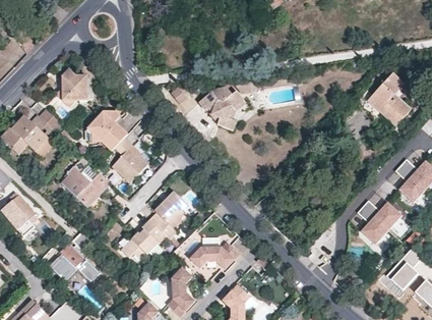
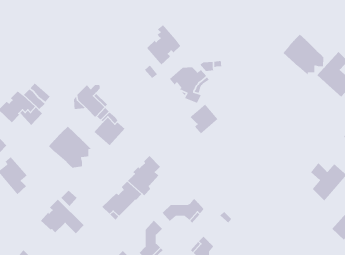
building: none -> [146,24,181,66]
building: none -> [283,34,324,77]
building: [57,68,86,105] -> none
building: none -> [190,103,218,135]

